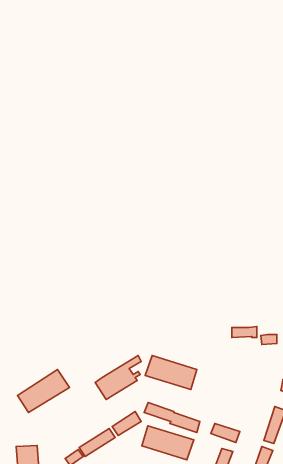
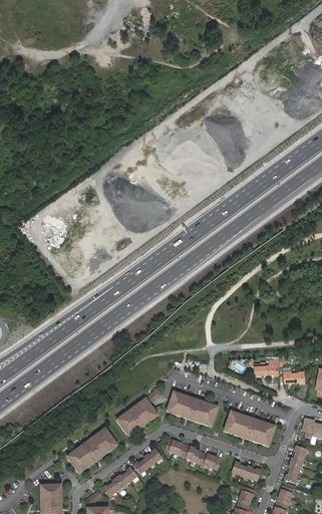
building: [18,369,70,412] -> [64,427,116,470]
building: [142,426,194,460] -> [225,411,277,445]

